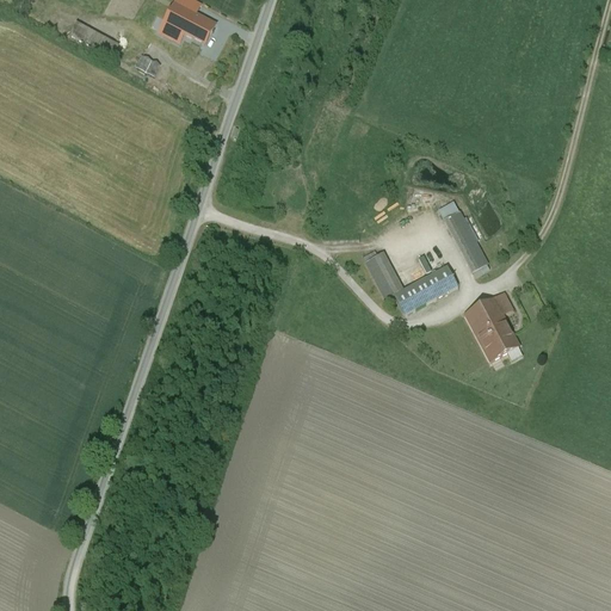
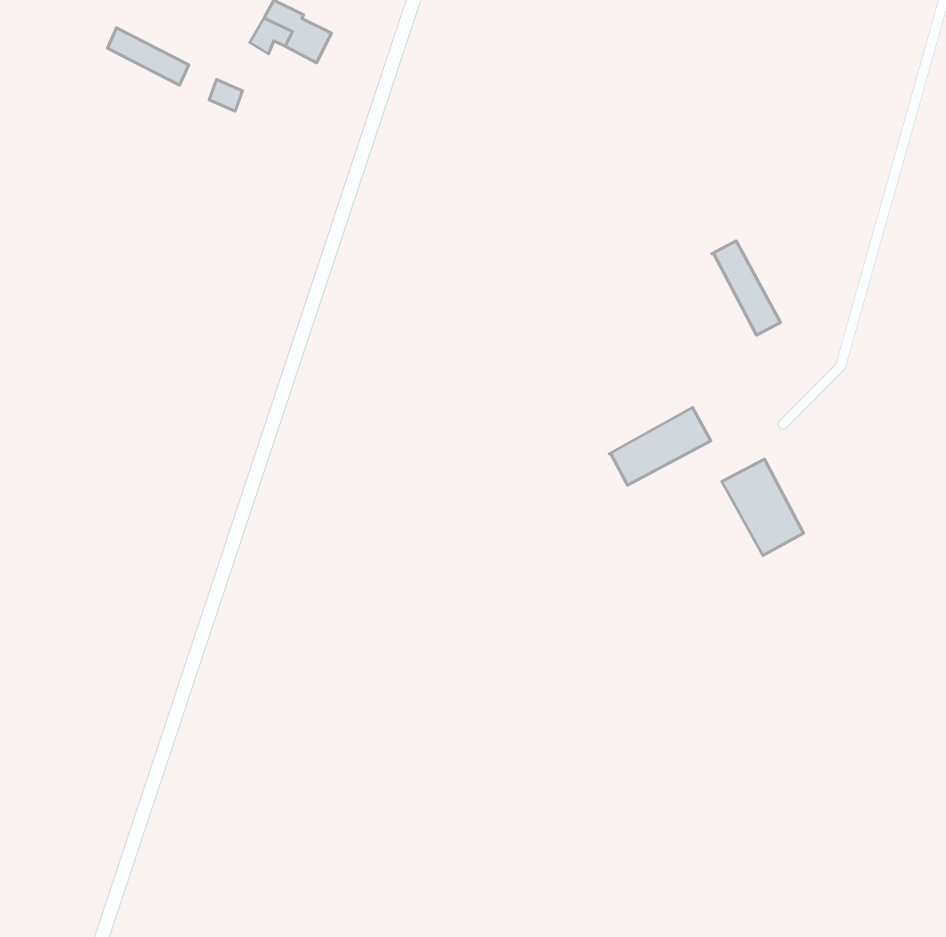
building: [443,209,487,270] -> [712,241,780,335]
building: [365,249,403,297] -> none

